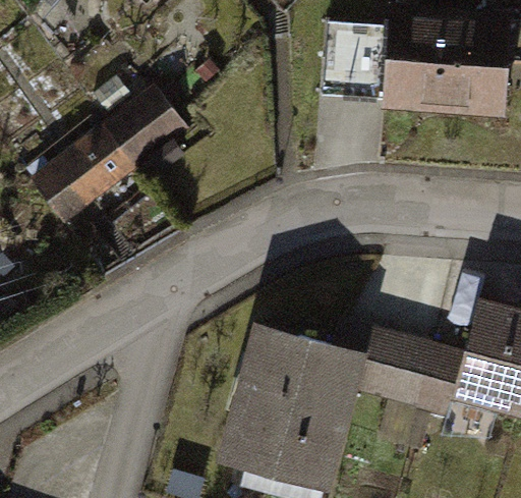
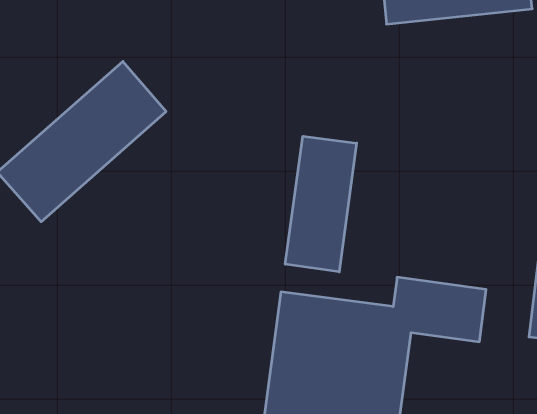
building: none -> [285,136,357,272]

